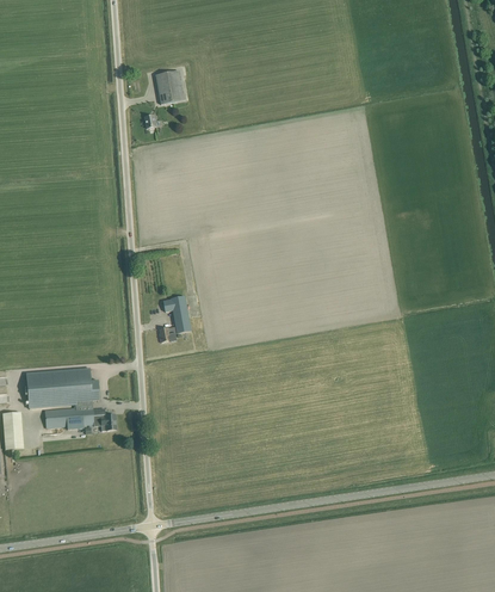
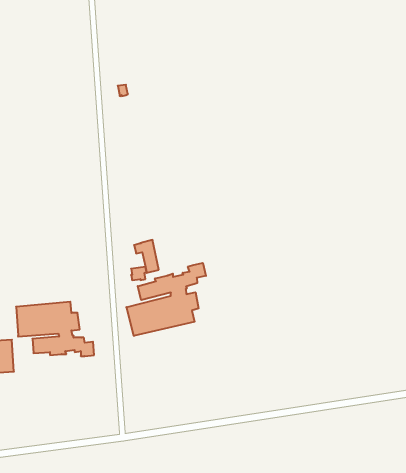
building: [155,69,184,104] -> none
building: none -> [126,263,206,336]

